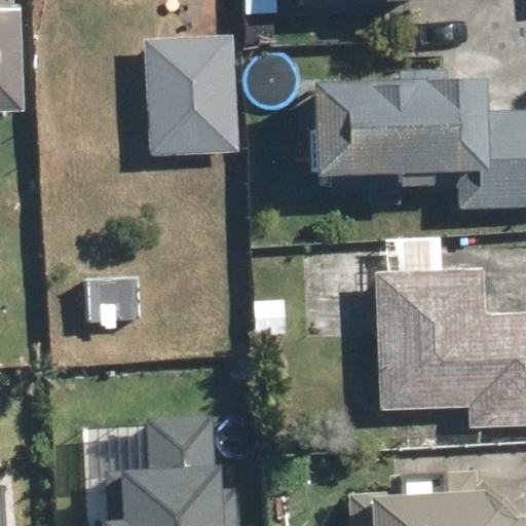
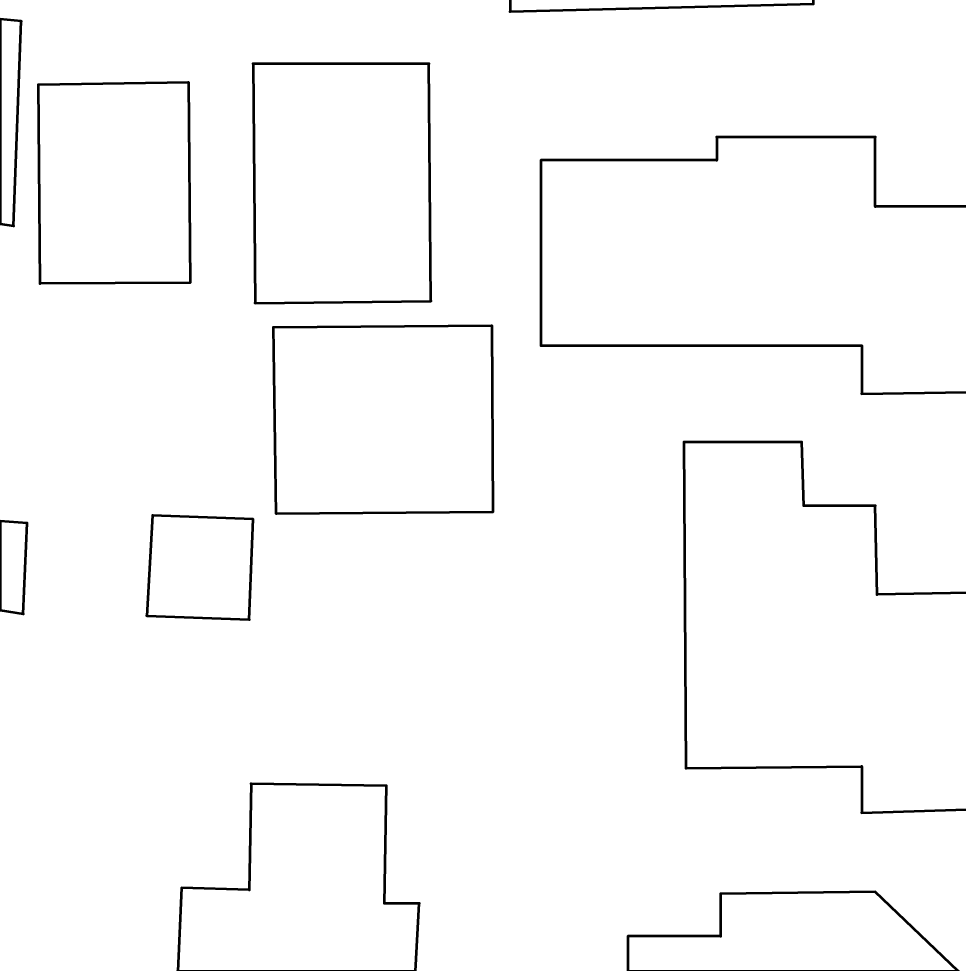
building: none -> [38,82,190,284]
building: none -> [273,326,493,514]

